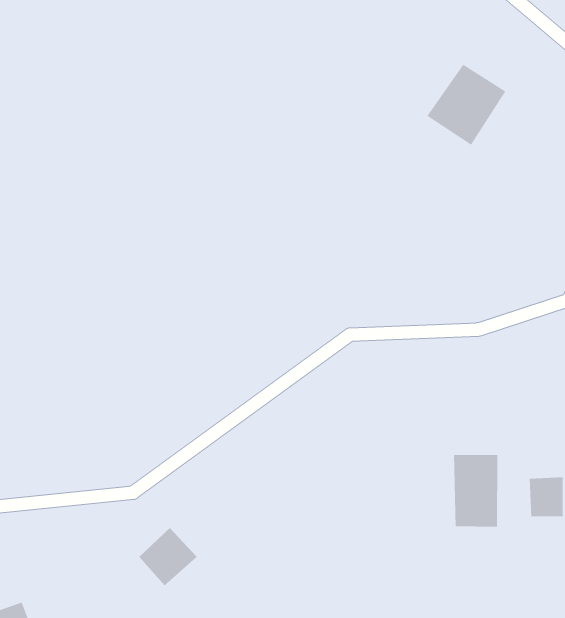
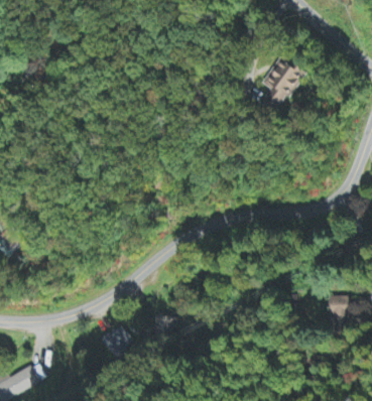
building: [453,454,498,528] -> none

